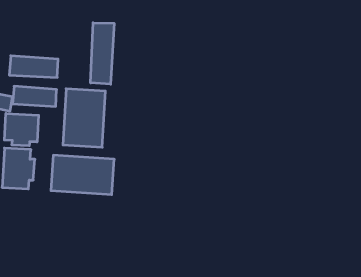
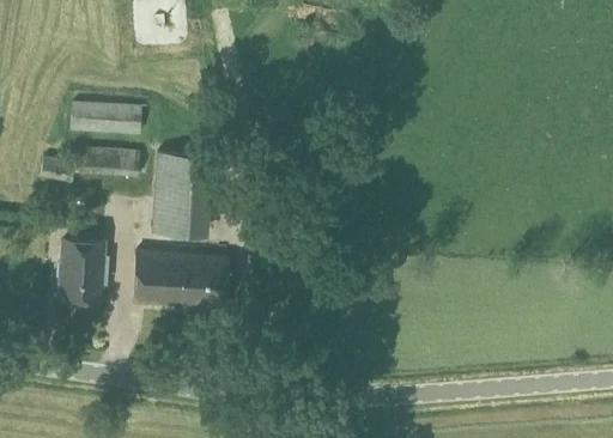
building: [91,23,114,84] -> none
building: [4,113,39,146] -> none

